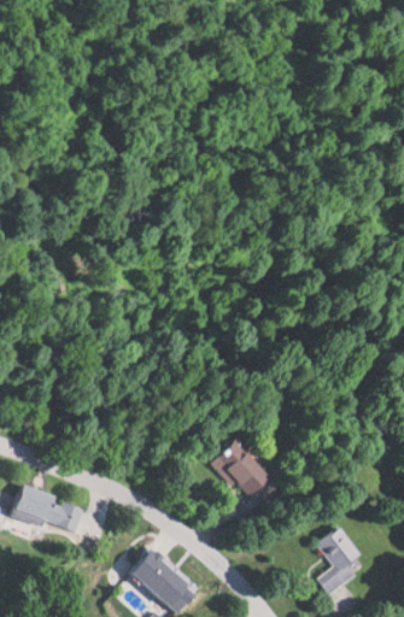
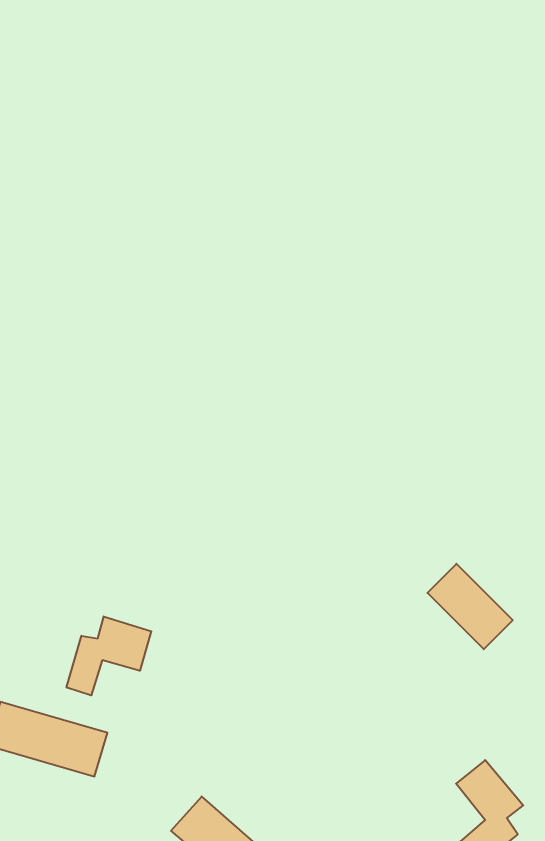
building: none -> [67,616,151,695]
building: [216,440,273,496] -> [427,564,513,649]

